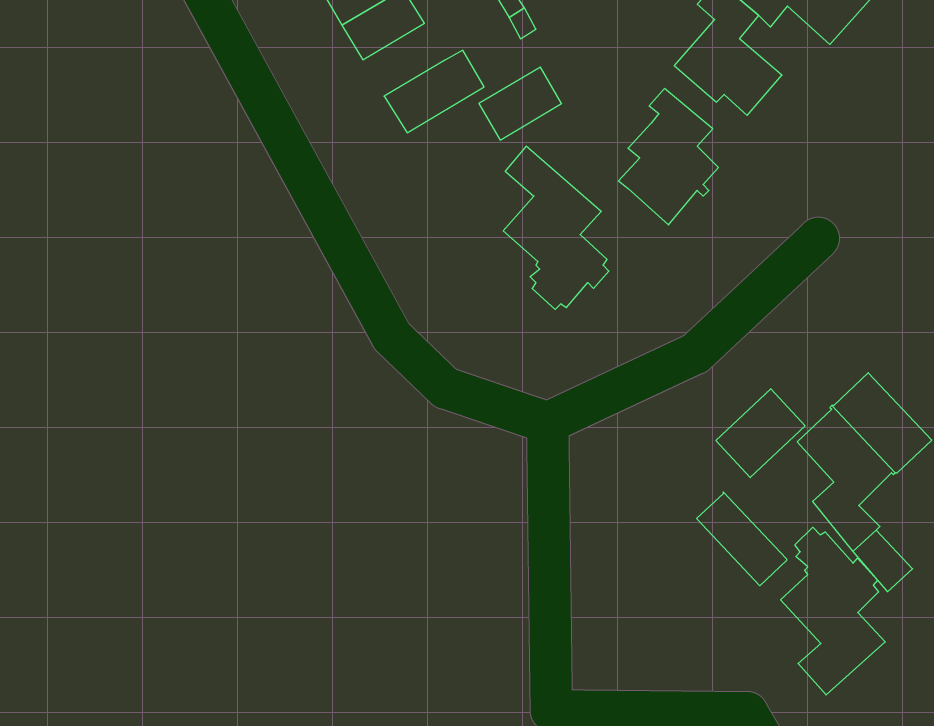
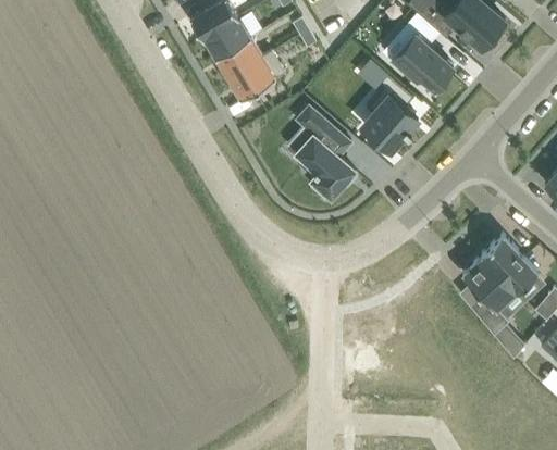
building: [479,67,562,140] -> [215,37,262,78]
building: [716,389,805,478] -> none
building: [697,492,787,586] -> none
building: [781,527,885,695] -> none

